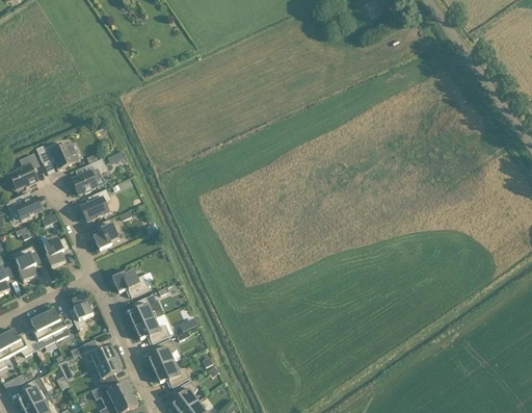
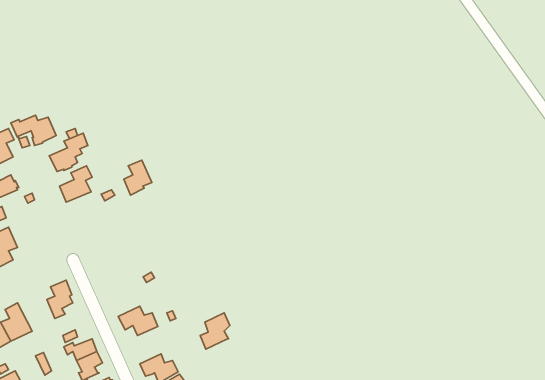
building: [92,218,118,251] -> [124,160,152,195]
building: [44,236,70,267] -> none
building: [112,270,149,296] -> none
building: [129,296,154,327] -> none
building: [42,309,72,340] -> none
building: [149,337,176,370] -> [200,313,230,349]

